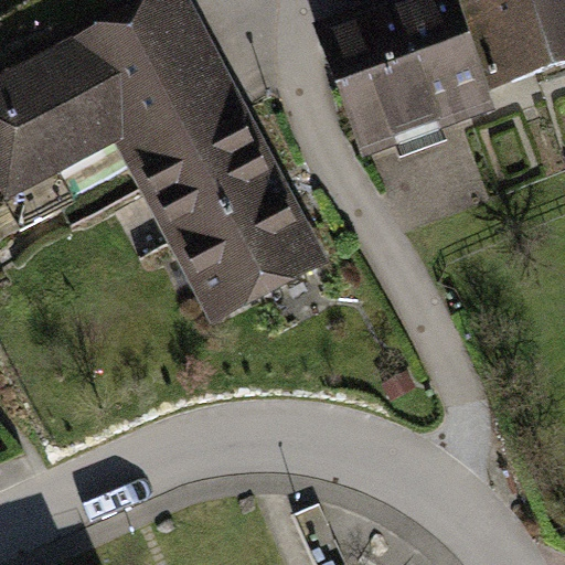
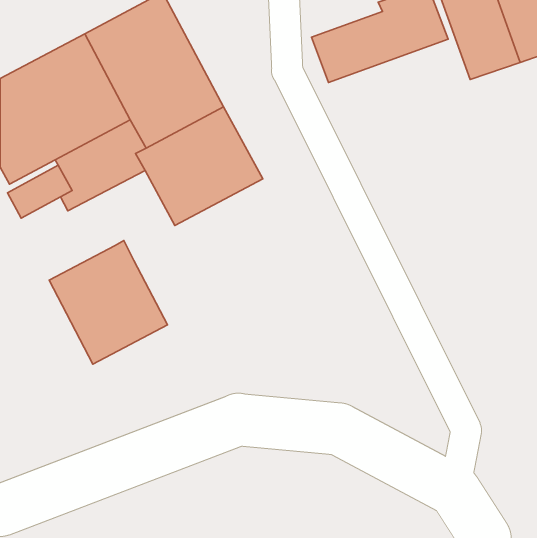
building: [347,41,493,147] -> none
building: [186,186,319,311] -> none
building: none -> [49,241,167,364]

